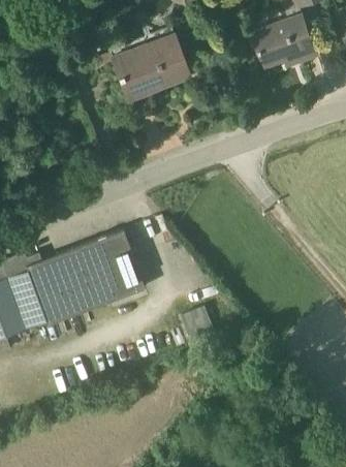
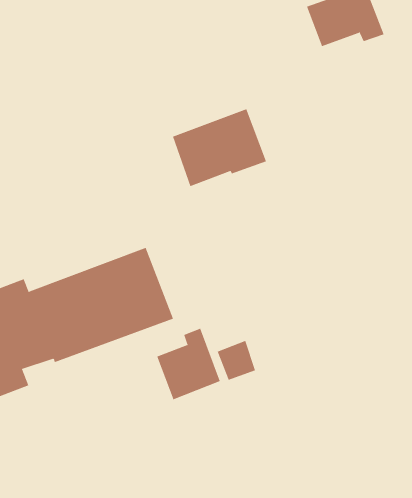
building: [113,35,190,99] -> [172,109,267,187]
building: none -> [156,328,221,400]

